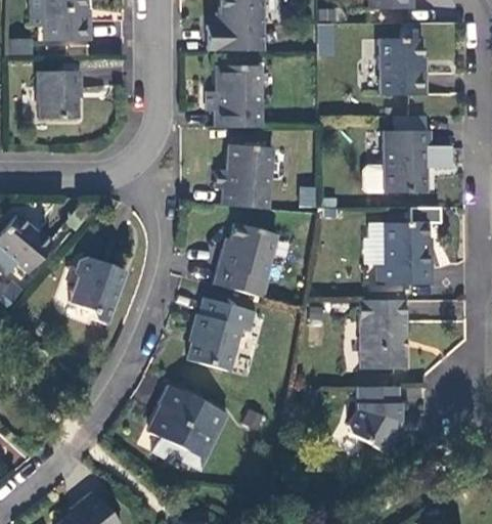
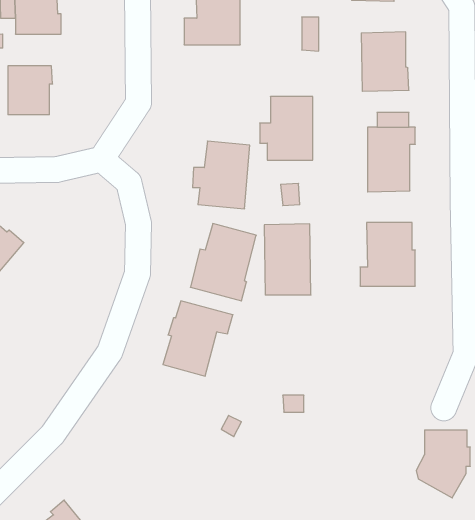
building: [208,66,259,127] -> [260,97,313,160]
building: [70,256,125,323] -> none
building: [361,299,406,367] -> [264,224,311,295]
building: [149,384,228,469] -> none
building: [349,386,401,451] -> [416,430,470,498]

